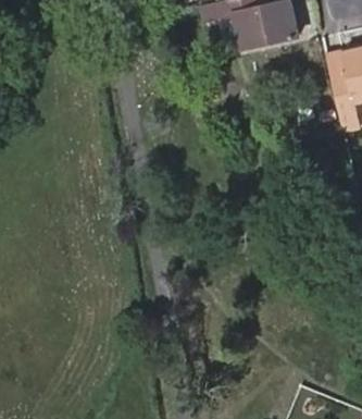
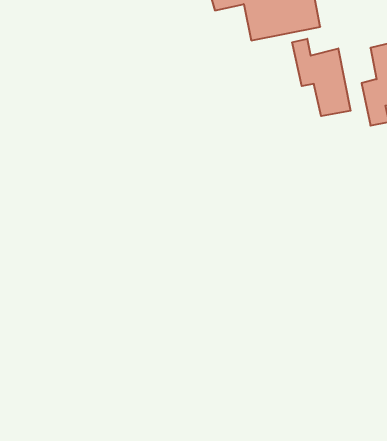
building: none -> [292,39,351,116]

